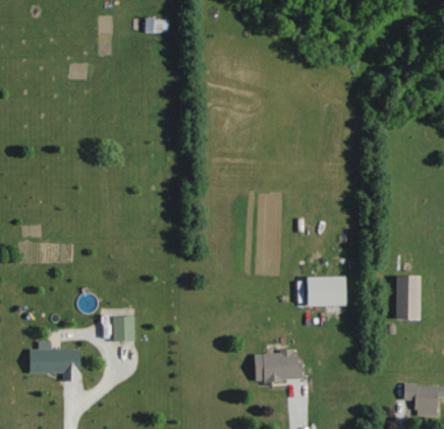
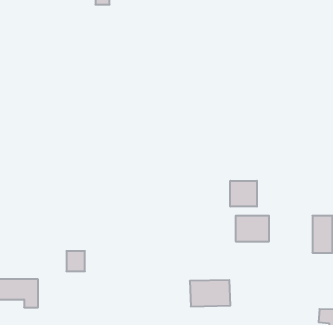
building: none -> [230,181,257,207]

